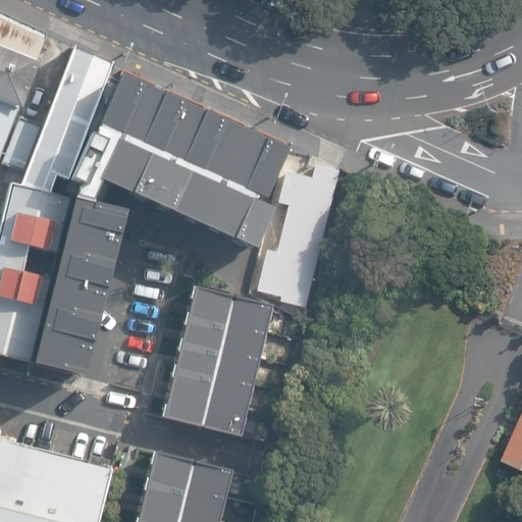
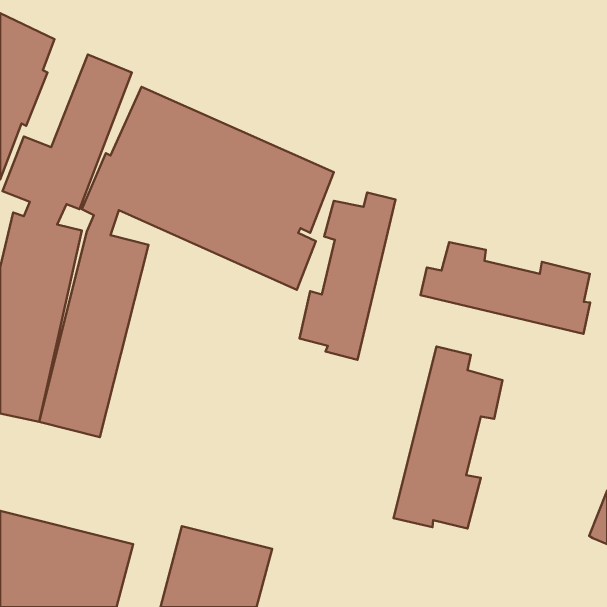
building: none -> [421,242,590,334]
building: [163,286,273,437] -> none
building: none -> [394,347,502,528]

